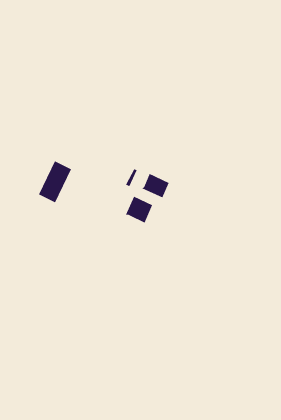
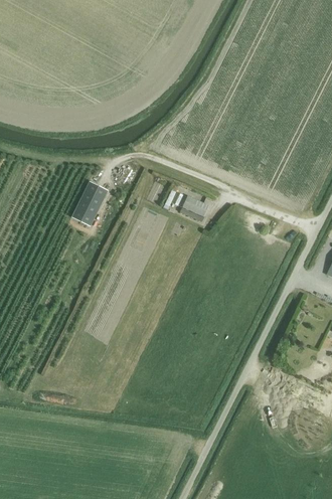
building: [125,196,153,223] -> none

